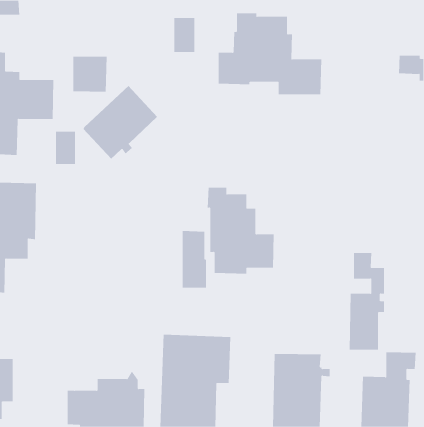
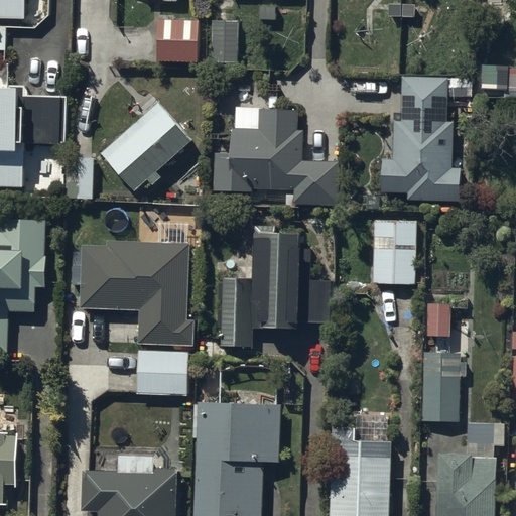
building: [218,13,322,95] -> [212,107,338,206]
building: [72,56,107,92] -> [156,20,199,63]
building: none -> [381,78,459,202]
building: none -> [371,221,415,284]
building: none -> [80,242,194,346]
building: none -> [135,351,187,396]

